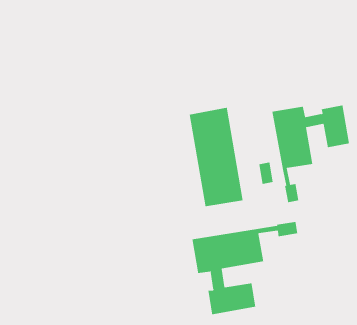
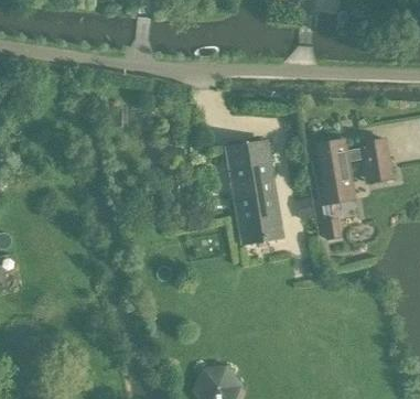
building: [192,221,298,315] -> none

